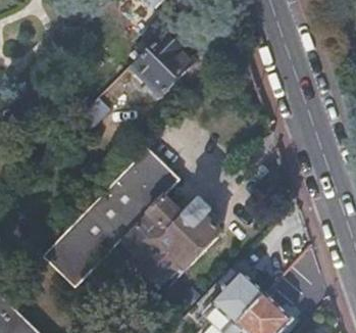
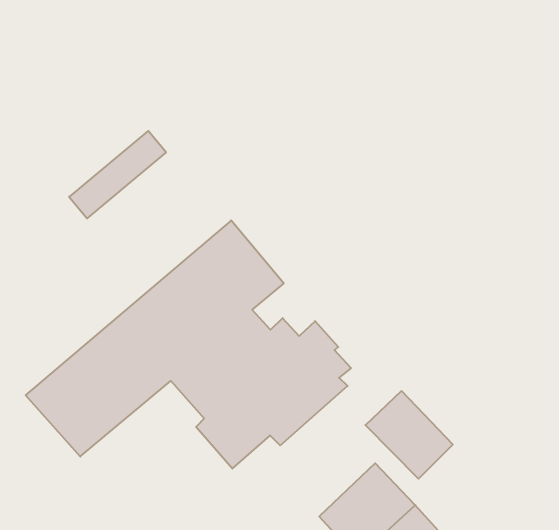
building: [131,25,193,99] -> none
building: none -> [365,391,453,479]

